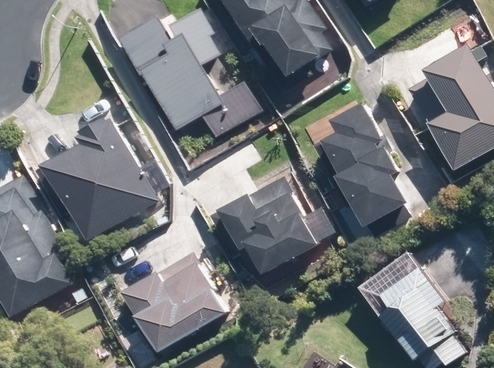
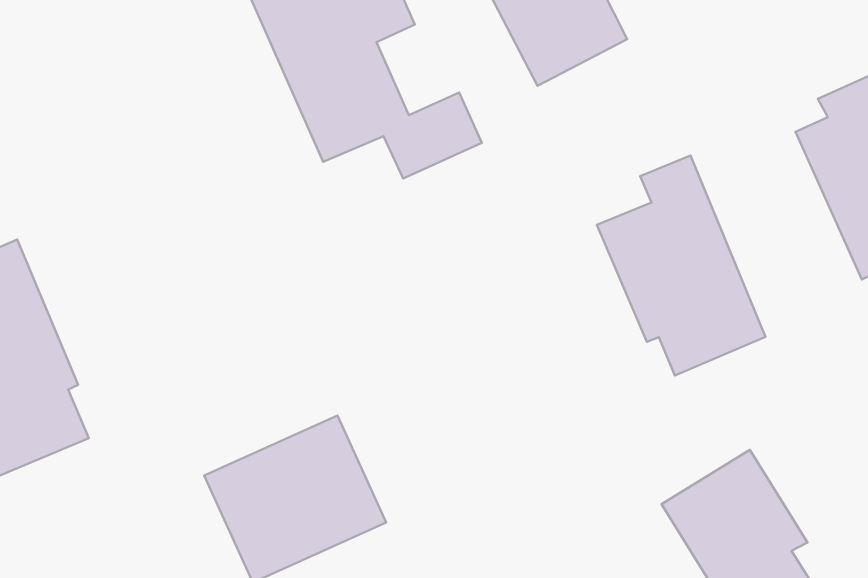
building: [40,130,154,235] -> none
building: [215,183,312,273] -> none

